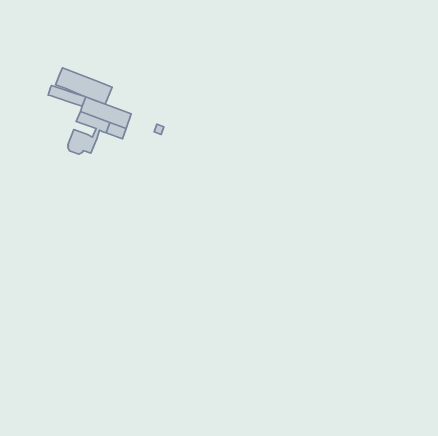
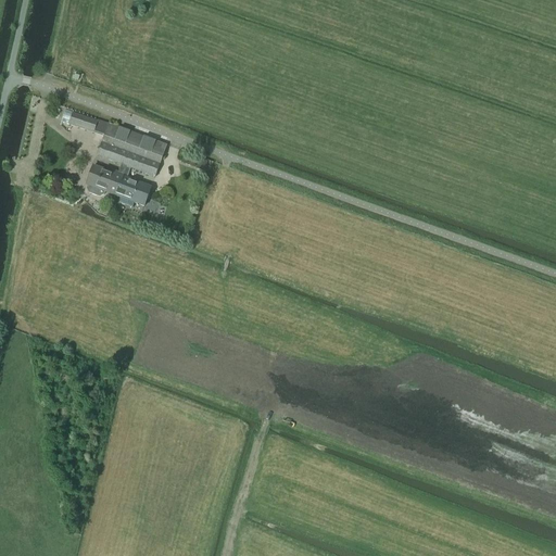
building: [55,68,112,104] -> none
building: none -> [115,176,151,206]

